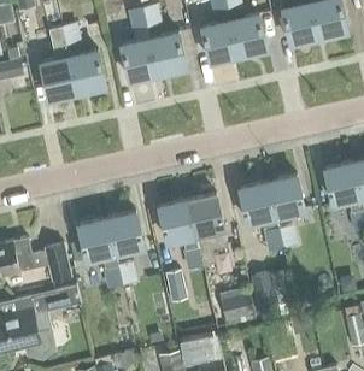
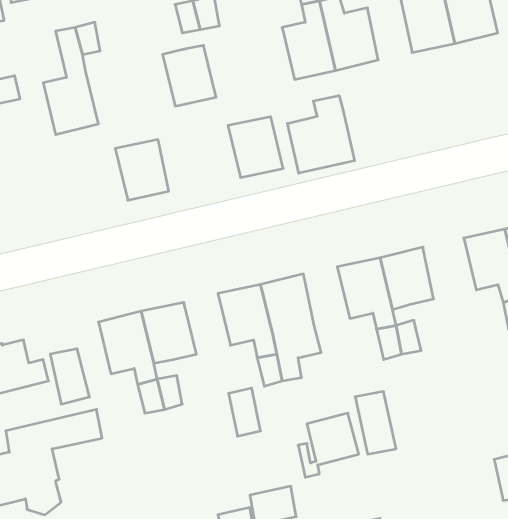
building: [148,33,186,73] -> [228,117,283,177]
building: [69,51,105,92] -> [115,140,169,200]
building: none -> [287,96,355,173]

